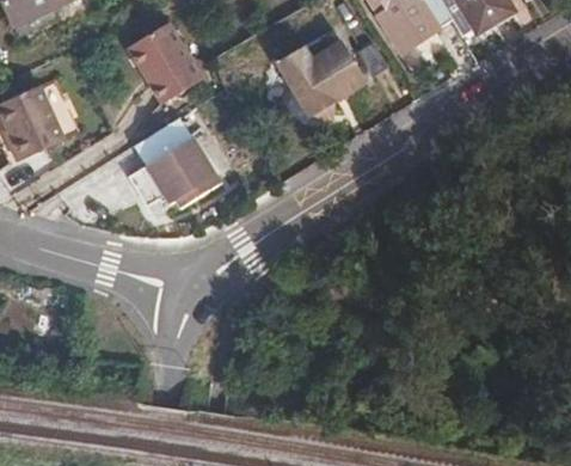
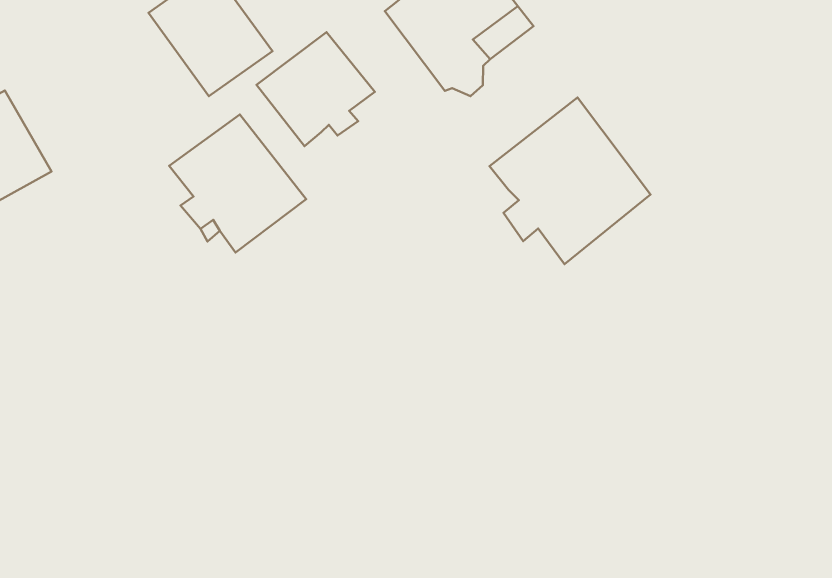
building: none -> [257,32,375,146]
building: none -> [489,97,651,264]

